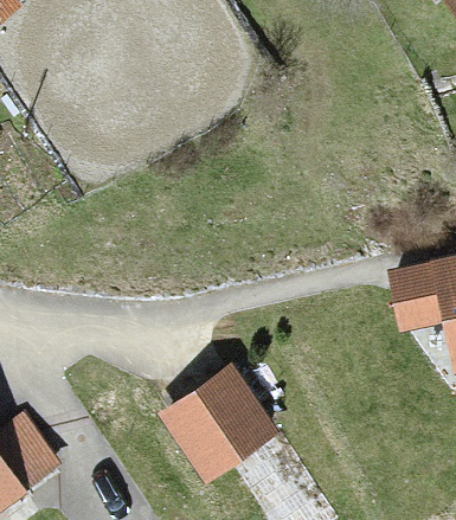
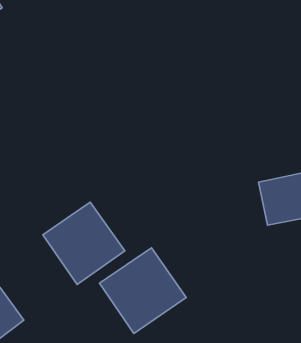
building: none -> [43,202,125,285]

